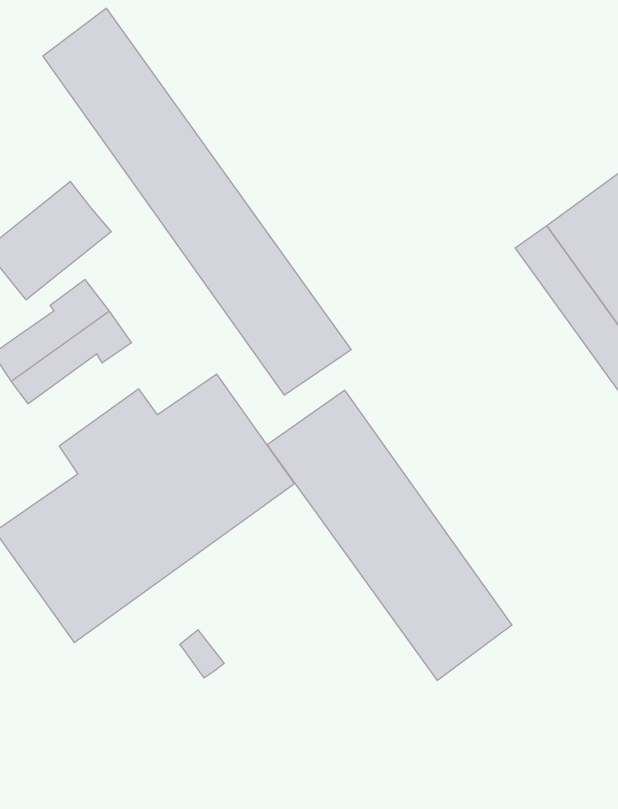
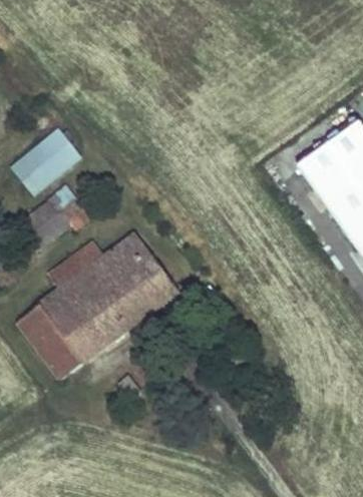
building: [43,8,351,395] -> none
building: [267,390,512,680] -> none

